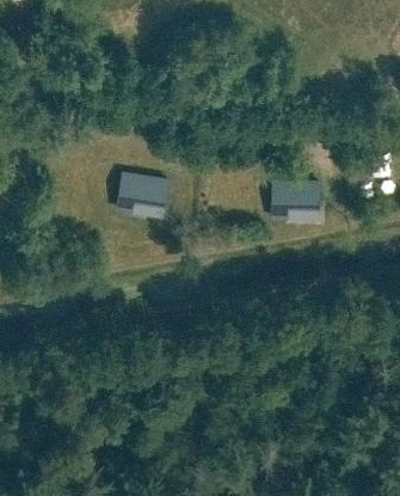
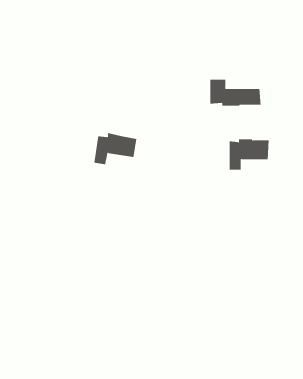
building: none -> [210,79,261,106]

